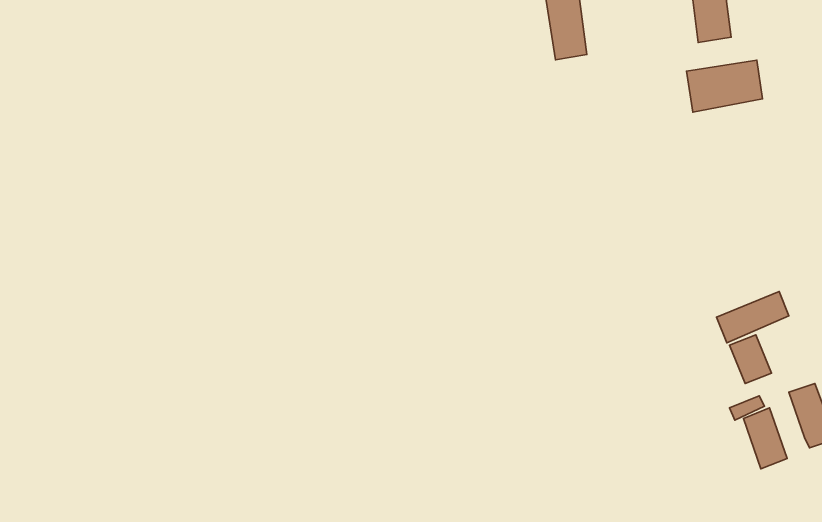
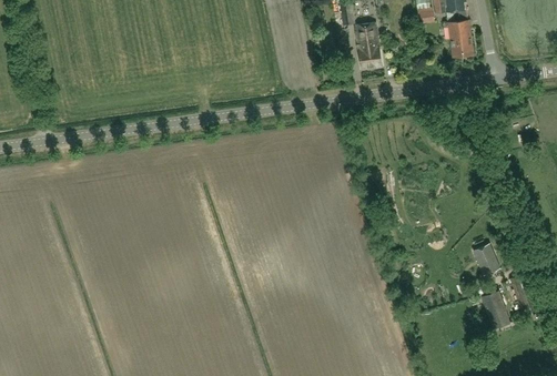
building: [686,60,763,112] -> none
building: [716,291,789,343] -> none

